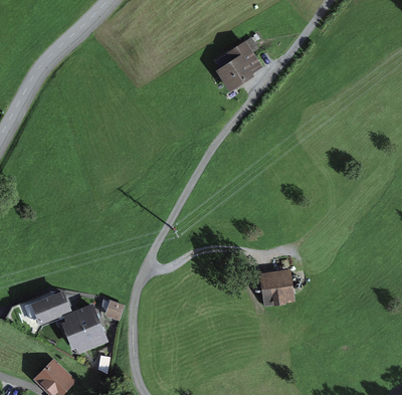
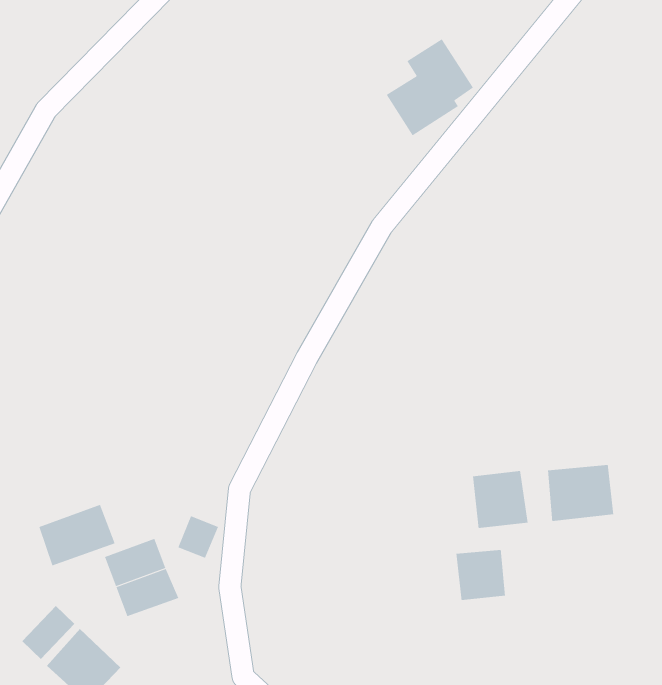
building: none -> [547,464,614,522]
building: none -> [456,549,505,601]
building: none -> [21,605,75,660]

